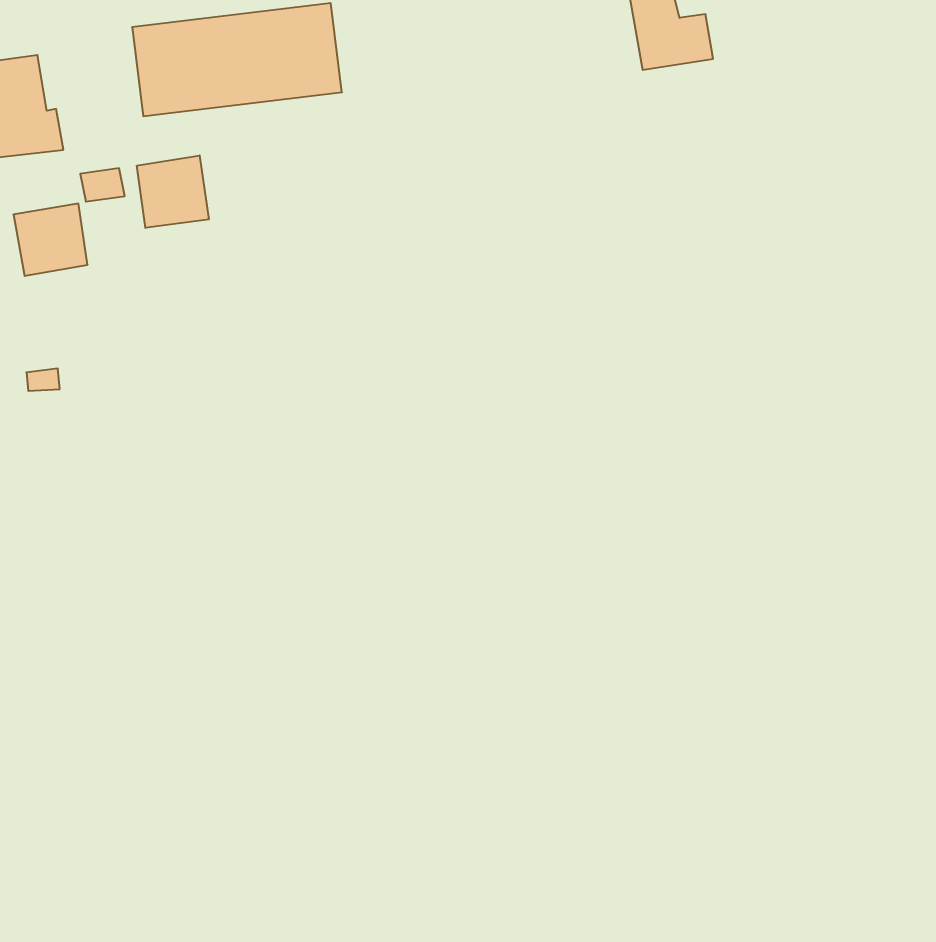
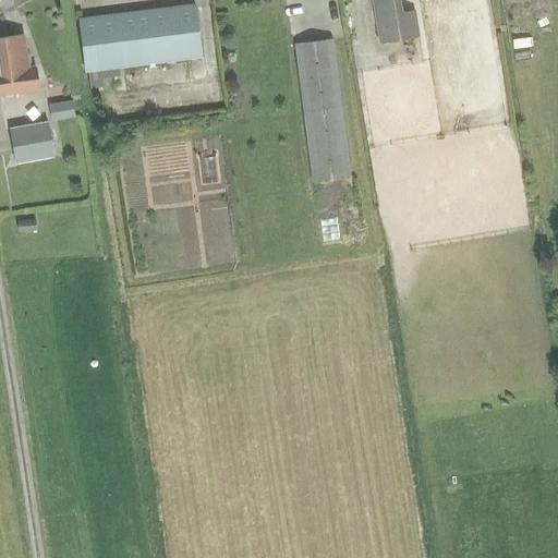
building: none -> [295,38,351,182]
building: [137,155,209,228] -> none

